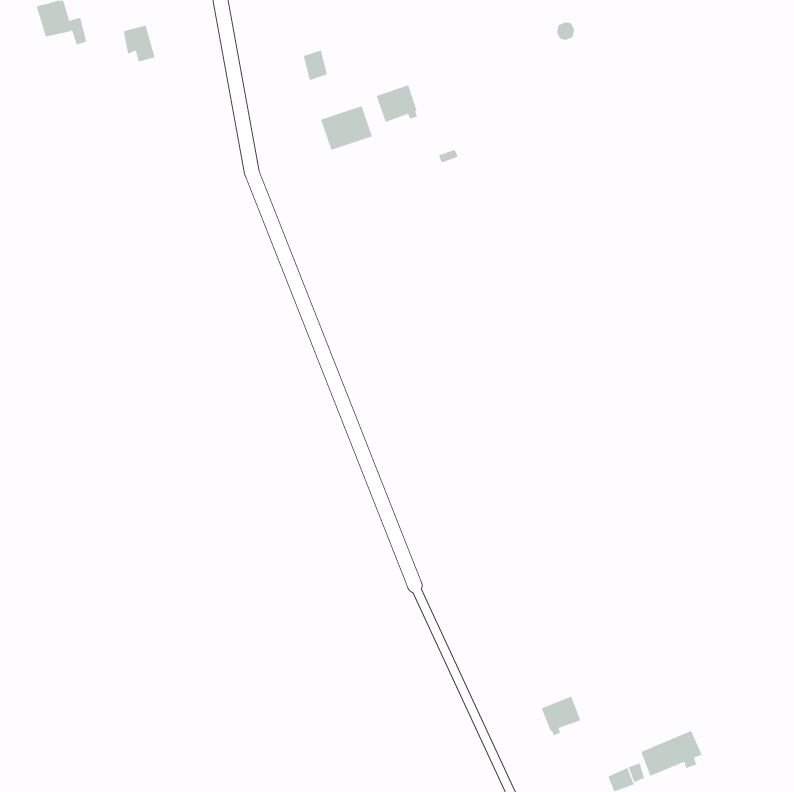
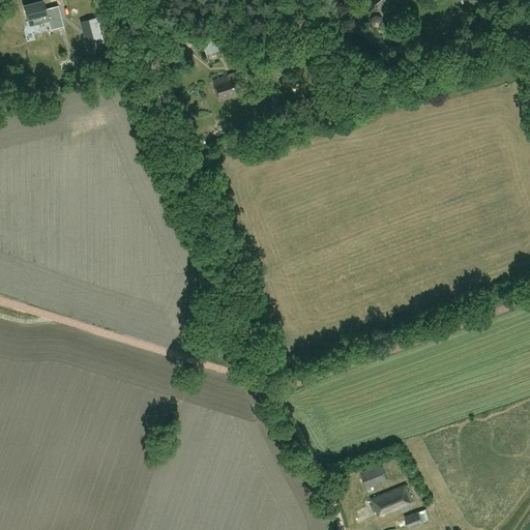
building: [376,85,418,123] -> none
building: [640,730,703,777] -> [372,485,413,517]

